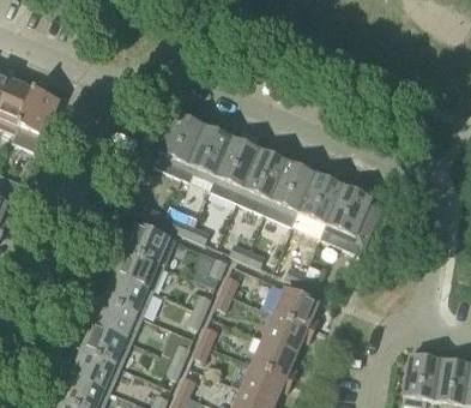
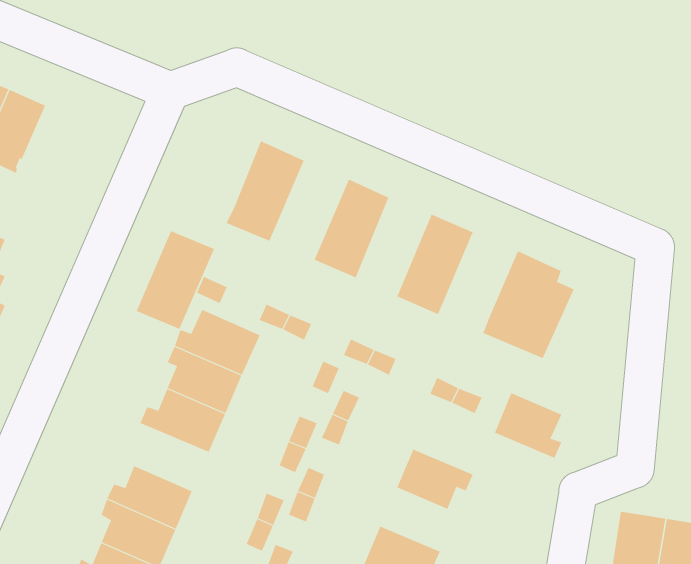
building: [12,88,60,152] -> none
building: [181,124,233,188] -> [136,230,215,330]
building: [237,148,286,212] -> none
building: [297,170,343,227] -> none
building: [274,286,319,329] -> [494,393,562,459]
building: [92,295,141,340] -> none
building: [253,337,297,379] -> none

